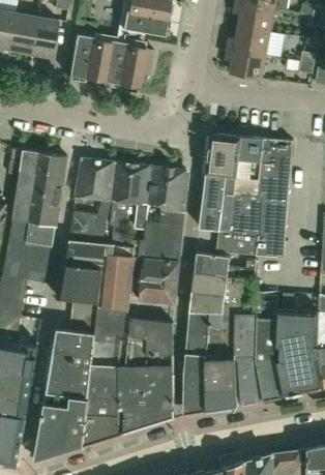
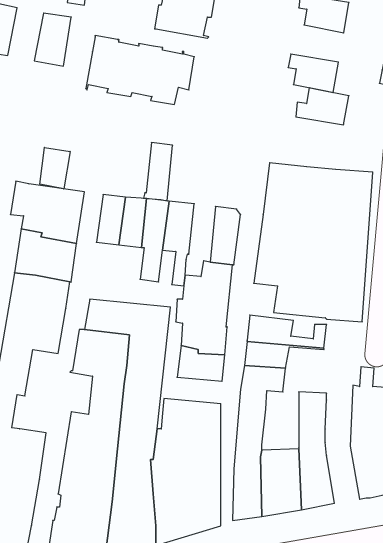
building: [6,13,34,55] -> none
building: [228,27,269,56] -> [296,88,349,125]
building: none -> [40,147,70,189]
building: [146,167,169,212] -> [143,143,173,201]
building: [71,212,109,240] -> none
building: [255,297,282,400] -> none

